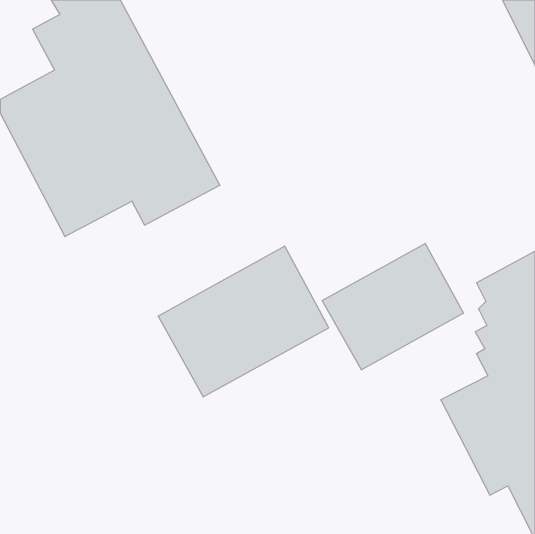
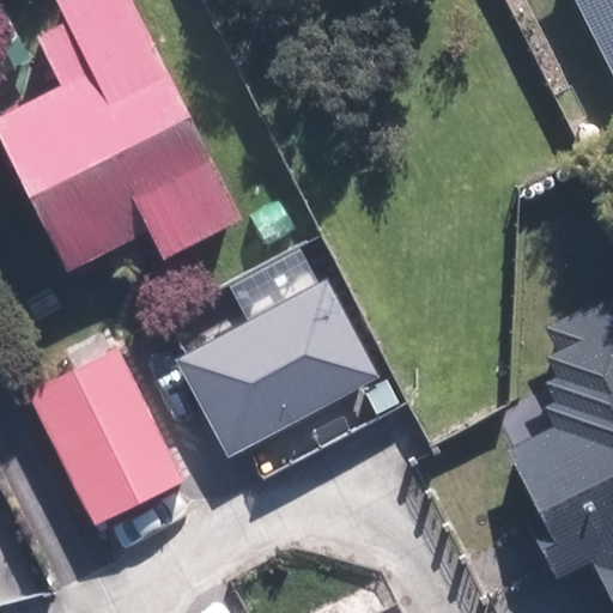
building: [322,243,463,370] -> none
building: none -> [30,348,186,524]

